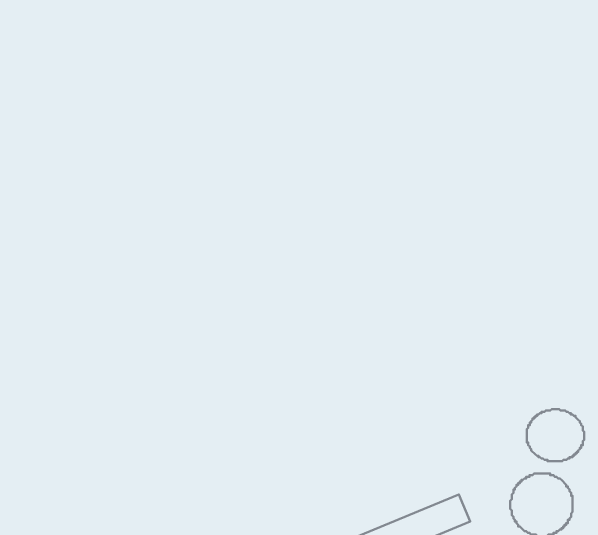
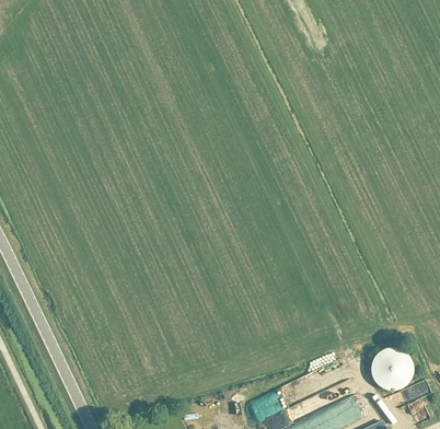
building: [527,409,584,461] -> none

